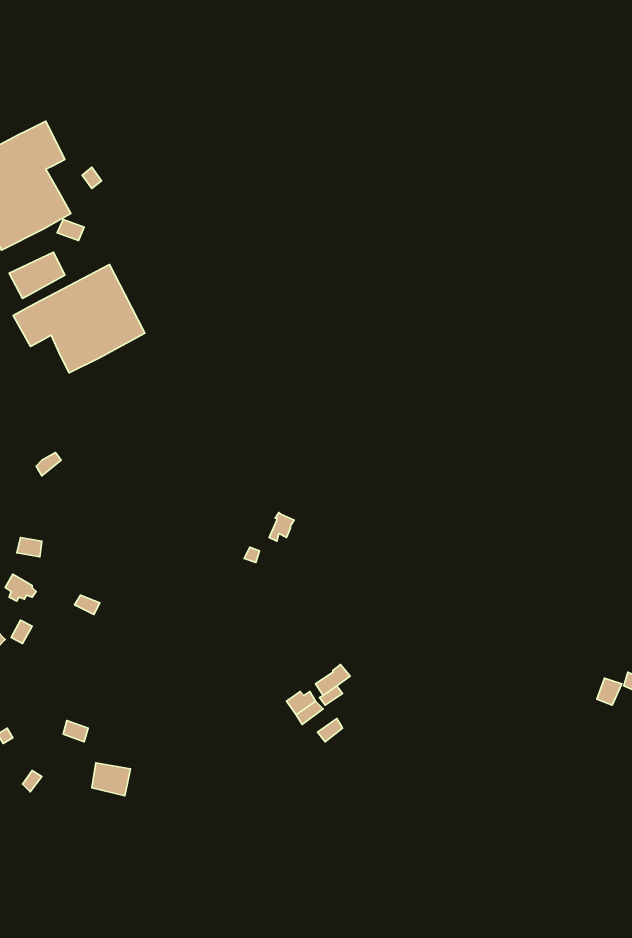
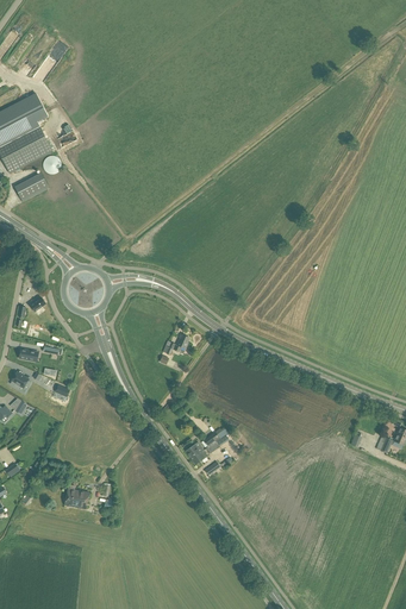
building: [13,265,145,373] -> none

